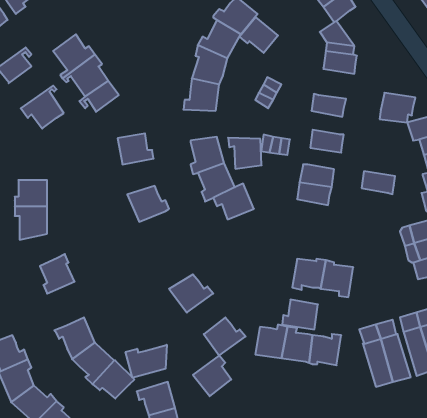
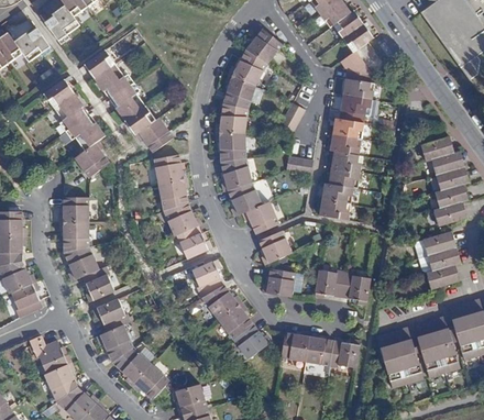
building: [239,17,278,53] -> none
building: none -> [79,49,116,78]
building: none -> [54,92,95,131]
building: none -> [134,117,173,152]
building: [380,93,415,123] -> [339,95,372,122]
building: none -> [330,133,361,155]
building: none -> [74,140,109,177]
building: [228,138,262,169] -> [214,132,245,161]
building: none -> [158,177,189,210]
building: [362,171,395,194] -> [329,167,360,188]
building: none -> [174,225,212,258]
building: none -> [259,230,292,264]
building: none -> [64,246,99,280]
building: none -> [192,258,223,297]
building: none -> [92,298,130,331]
building: [282,300,318,329] -> [262,268,295,296]
building: [126,345,167,378] -> none
building: [193,356,231,396] -> [218,301,253,339]

